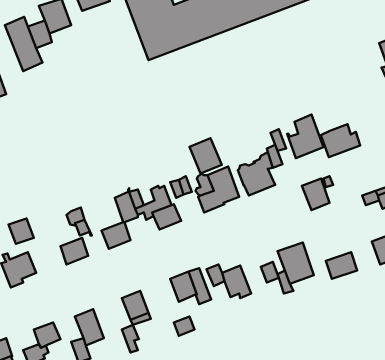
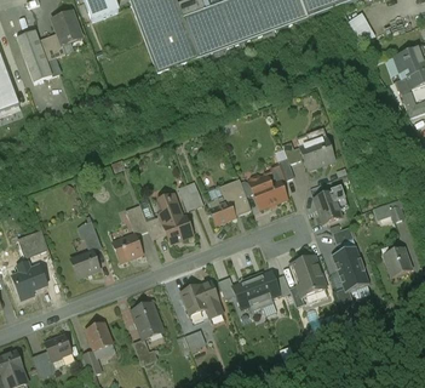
building: [321,124,360,157] -> none
building: [190,138,222,174] -> none
building: none -> [332,245,363,273]
building: none -> [252,270,278,306]

